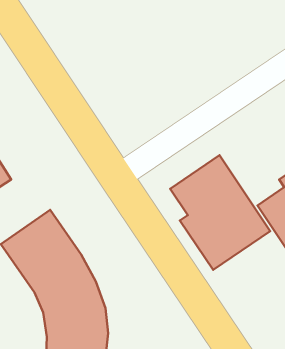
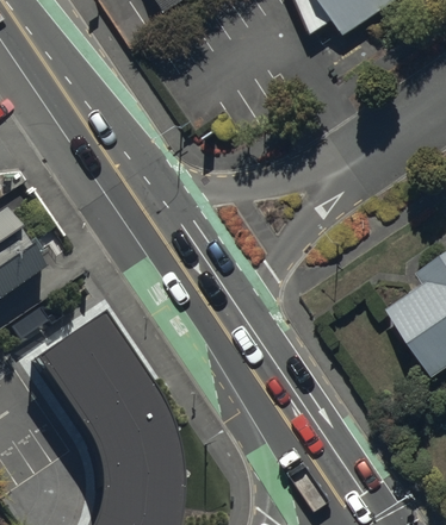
building: [170,155,270,270] -> none

